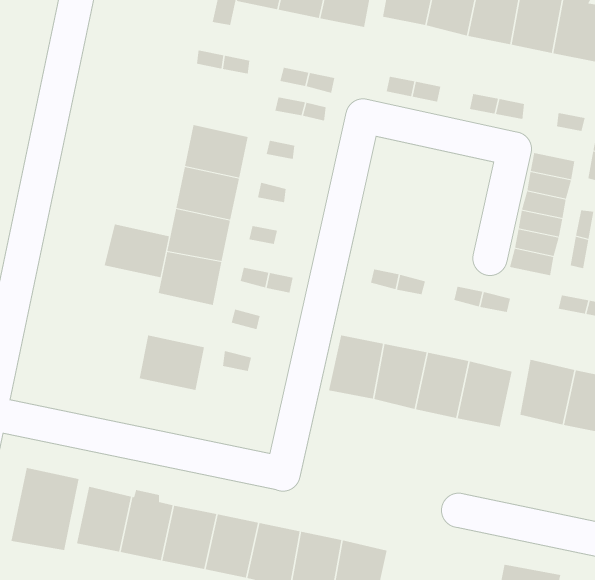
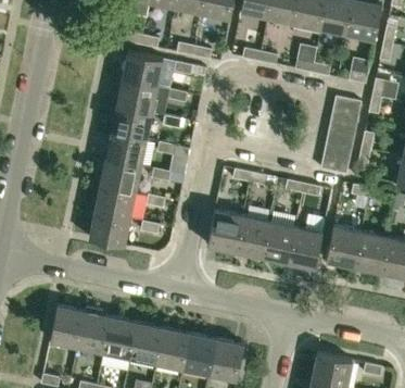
building: none -> [123,52,164,87]
building: [104,224,170,278] -> [94,185,136,218]
building: [11,467,79,551] -> none

